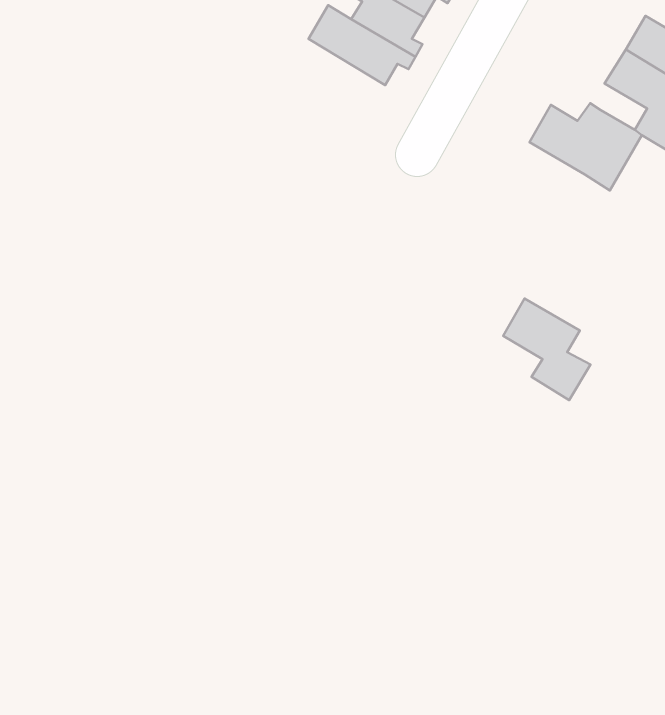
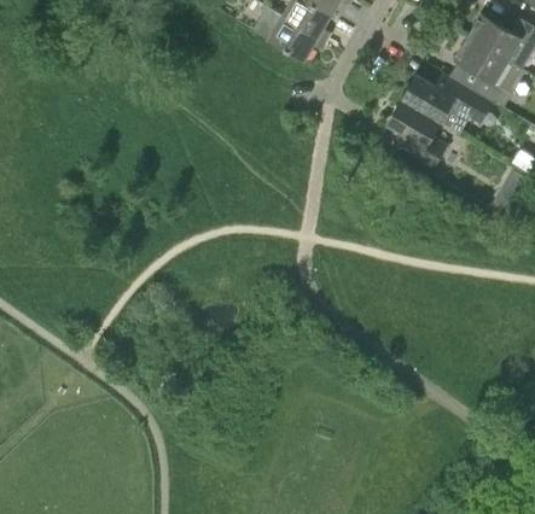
building: [503,299,590,400] -> [389,98,448,167]

